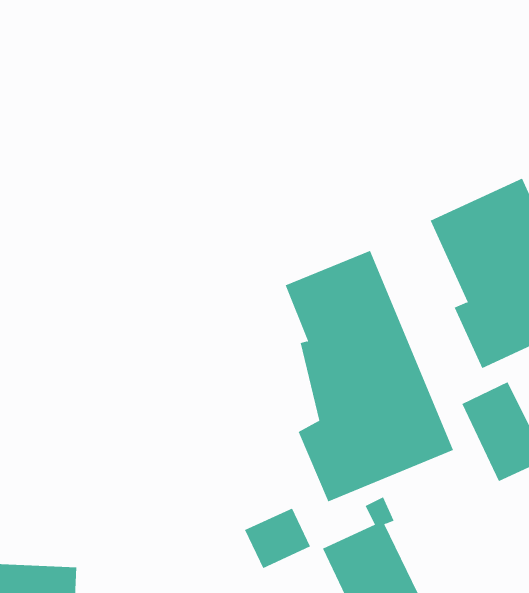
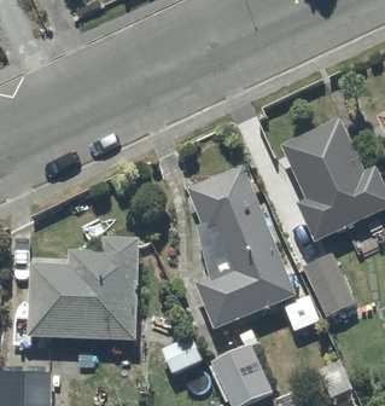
building: none -> [27,236,141,342]

